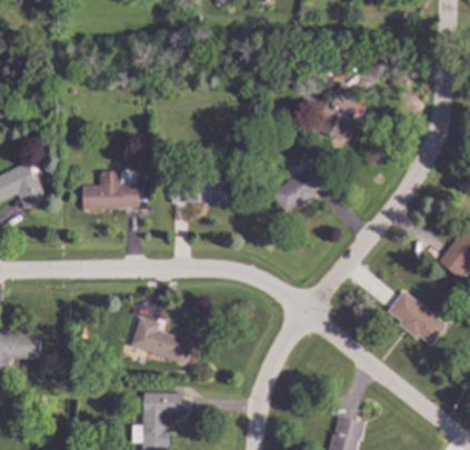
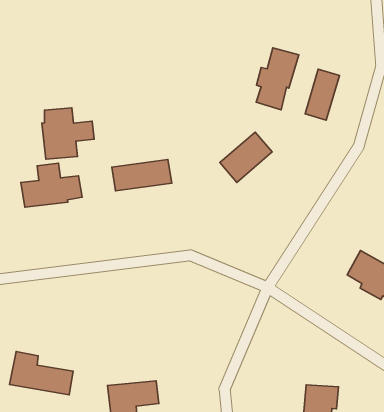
building: none -> [305,69,339,120]
building: none -> [42,108,94,159]
building: [130,316,193,363] -> [10,352,73,395]

